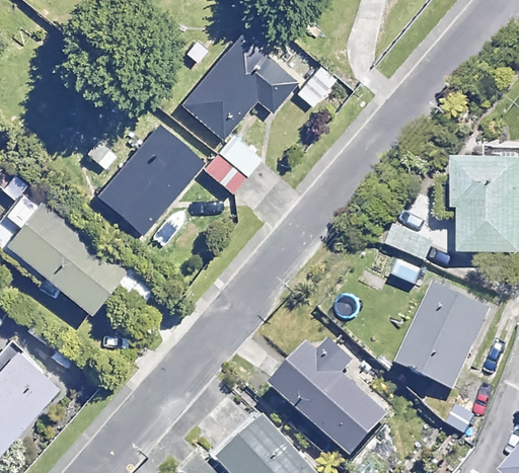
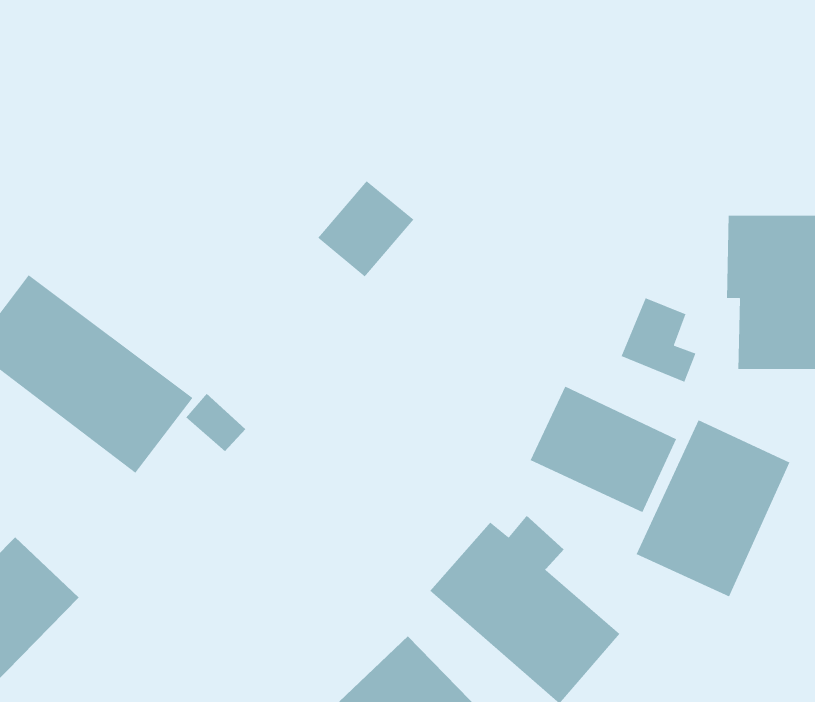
building: [183,35,295,129] -> none
building: [91,122,203,238] -> none
building: none -> [529,385,677,513]

